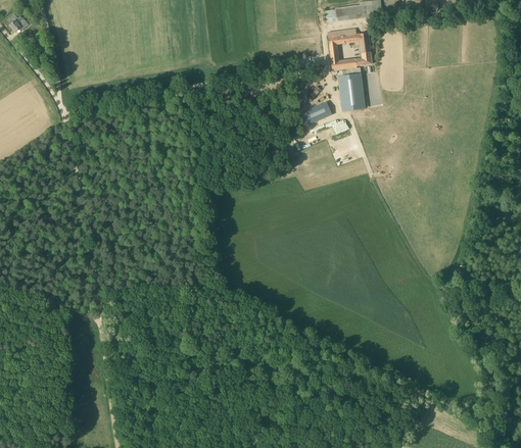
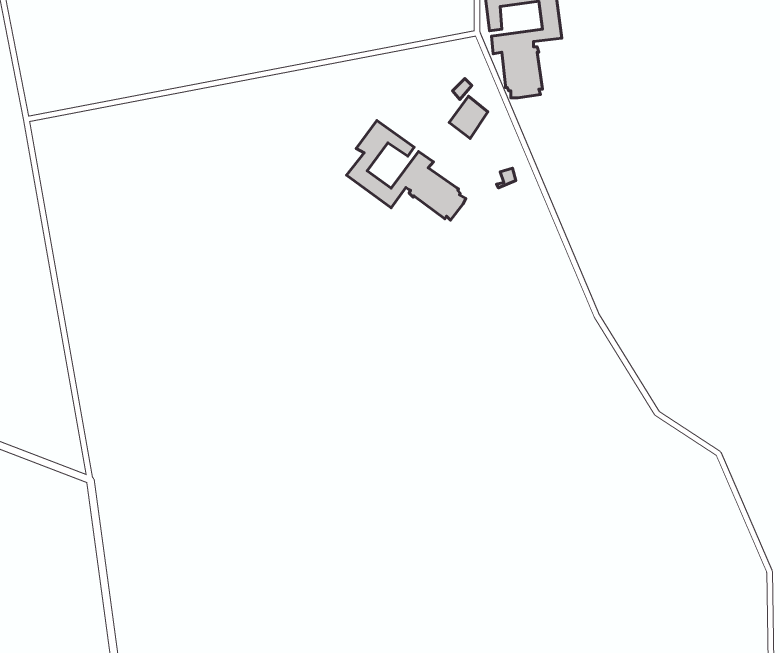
building: none -> [346,120,466,220]

